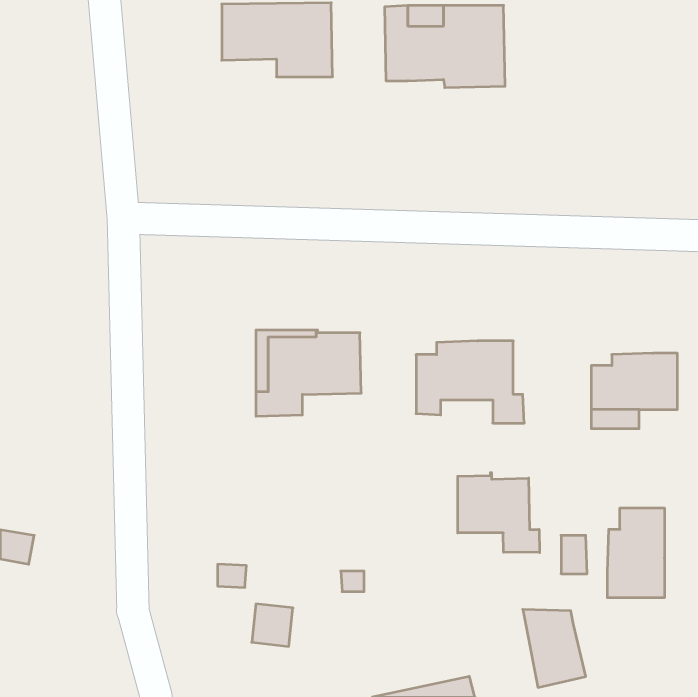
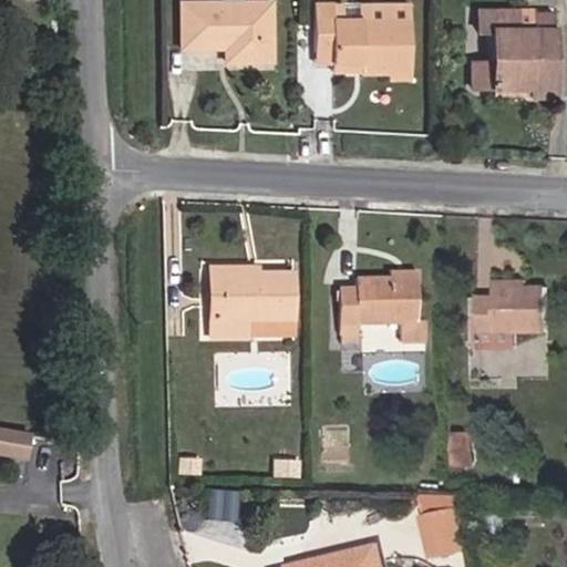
building: none -> [472,10,554,97]
building: [458,473,540,553] -> none
building: [607,508,664,598] -> none

